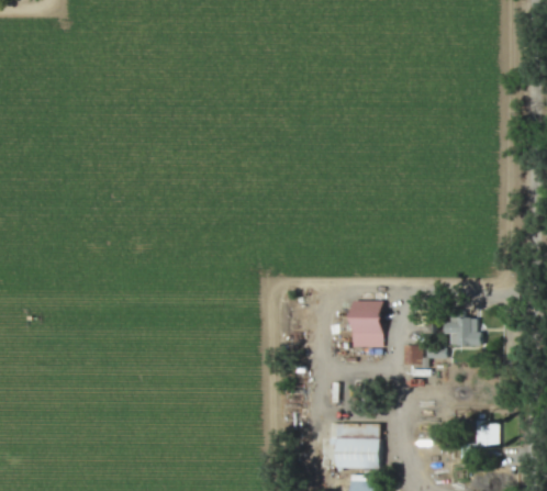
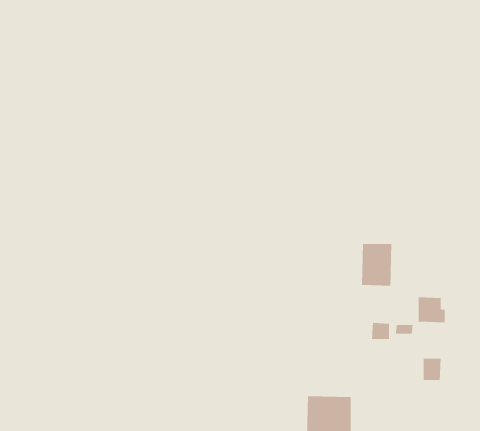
building: [349,301,382,347] -> [361,243,392,286]
building: [479,421,499,445] -> [423,358,441,381]

